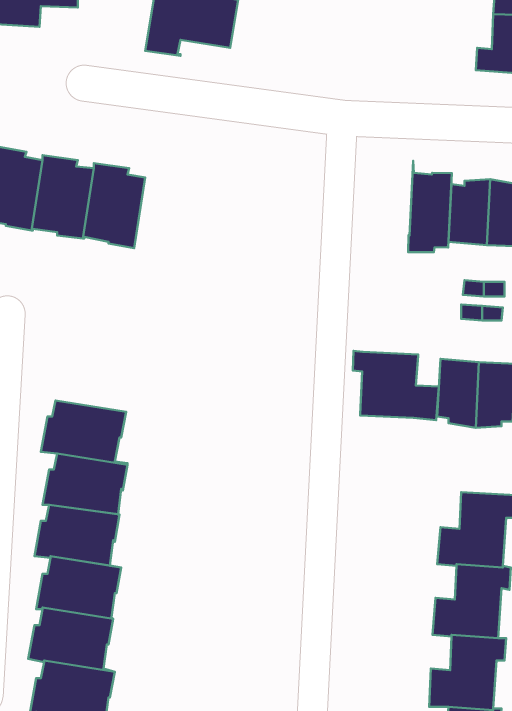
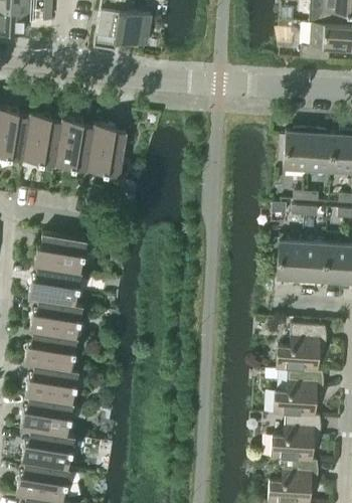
building: [408,161,452,252] -> none
building: none -> [86,124,127,177]
building: none -> [33,234,86,275]
building: [353,351,439,420] -> none

